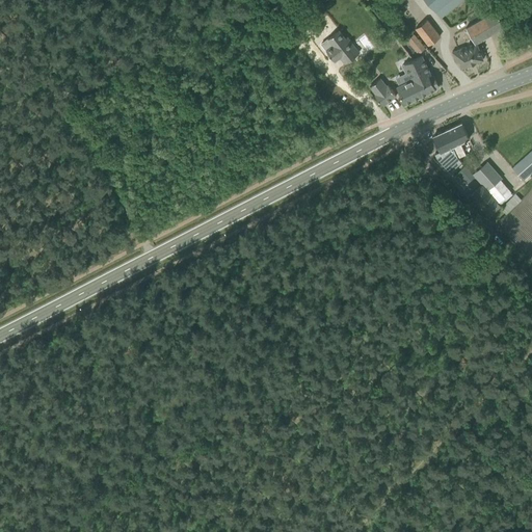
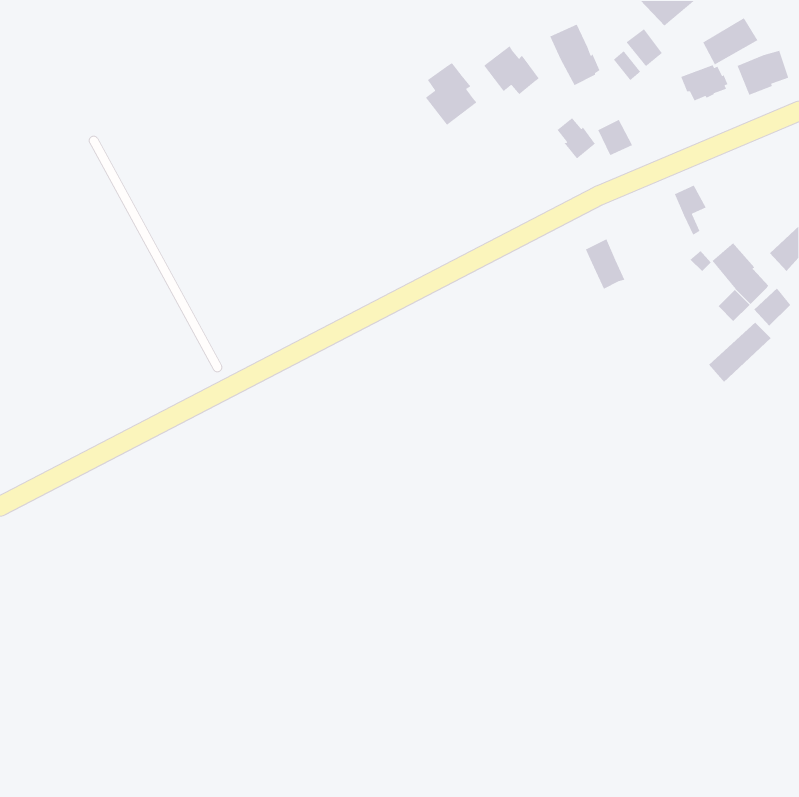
building: none -> [737,50,789,96]
building: none -> [425,62,478,126]
building: [404,56,438,98] -> [549,23,601,86]
building: [433,130,460,164] -> [585,238,625,290]
building: none -> [708,322,772,383]

